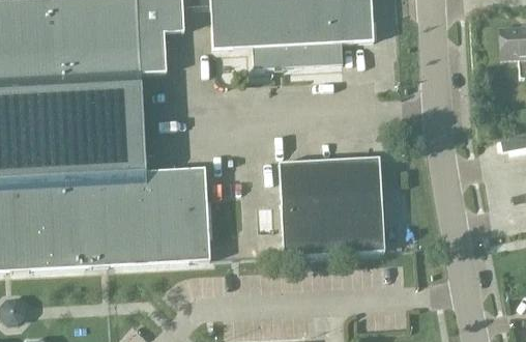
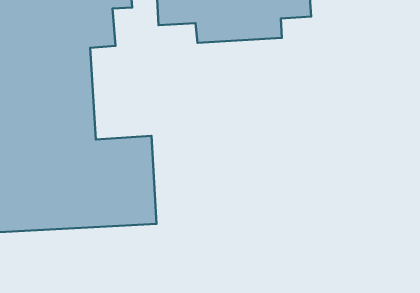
building: [277,154,383,254] -> none

